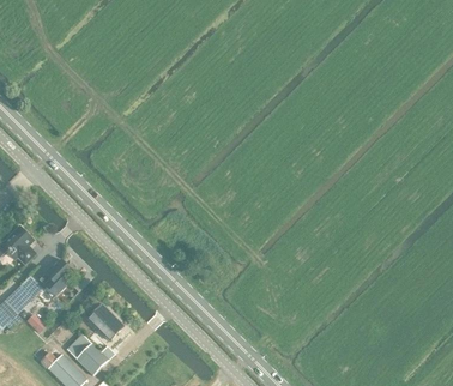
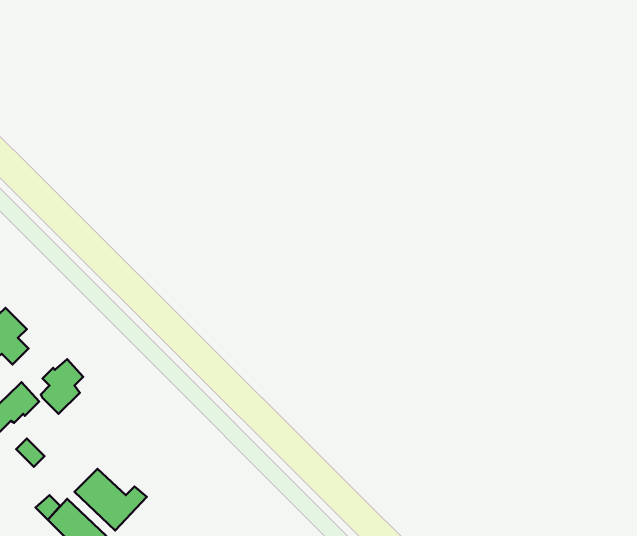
building: [87,304,123,340] -> none

